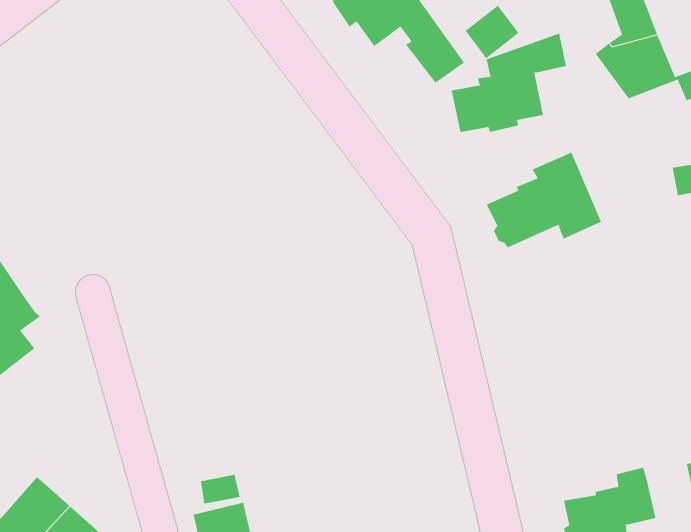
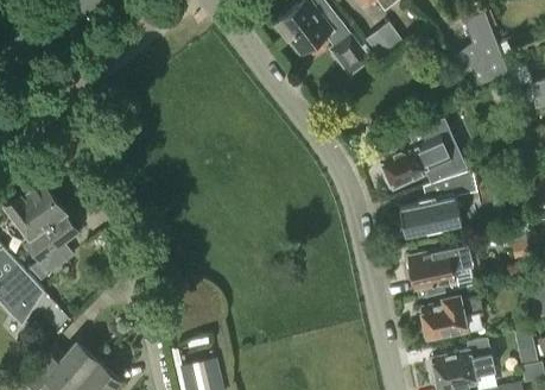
building: [451,33,567,133] -> [399,169,477,237]
building: none -> [408,244,477,296]
building: none -> [422,294,482,341]

